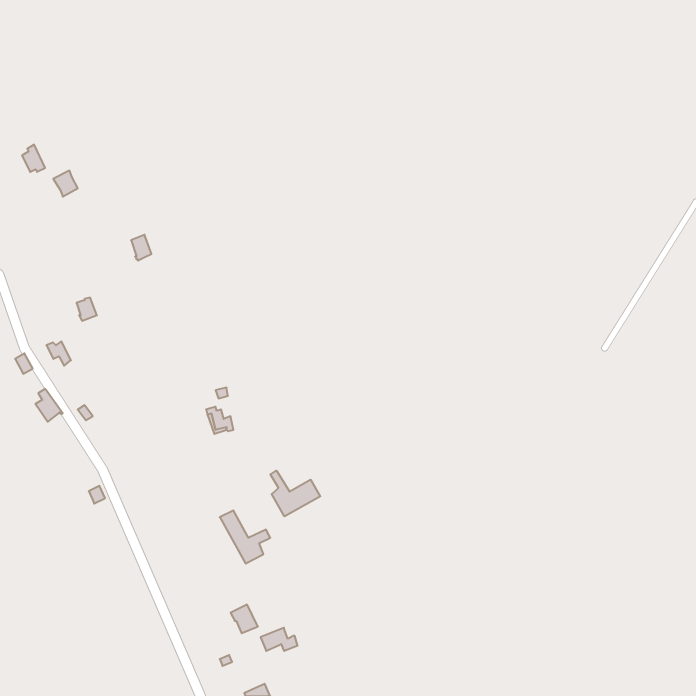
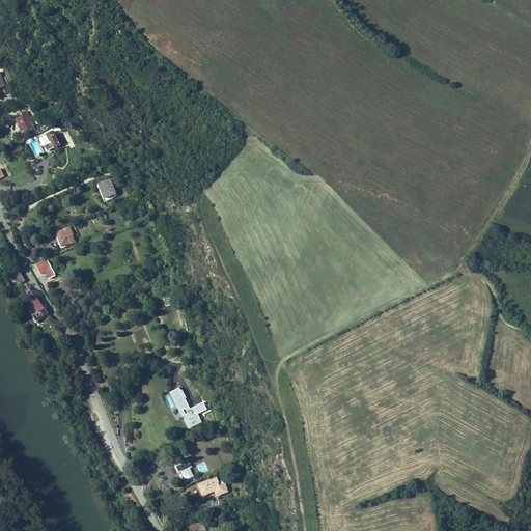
building: [270,471,320,516] -> none

